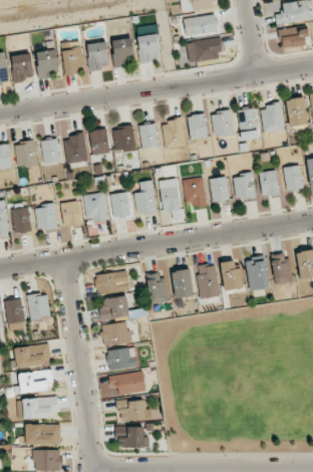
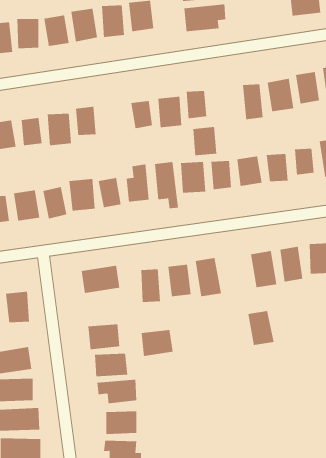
building: [211,110,233,137] -> [192,127,217,156]
building: [112,126,135,153] -> none
building: [220,259,244,290] -> [247,311,274,345]
building: [99,296,128,320] -> [141,329,174,356]

